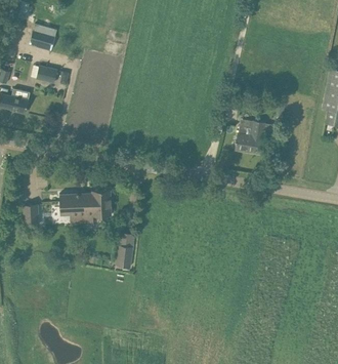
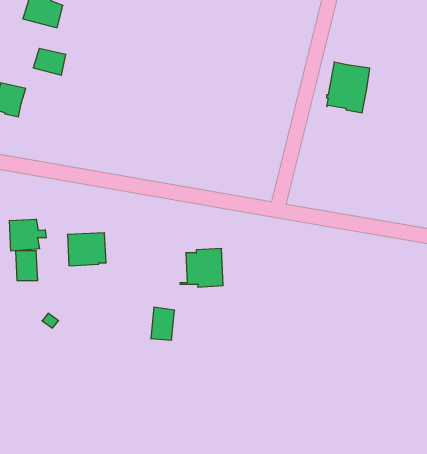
building: [236,119,265,154] -> [327,62,370,113]
building: none -> [10,219,46,251]
building: [81,190,111,216] -> [180,248,223,287]

